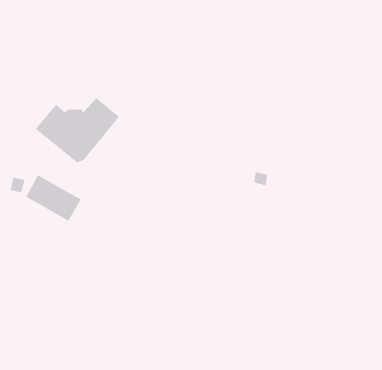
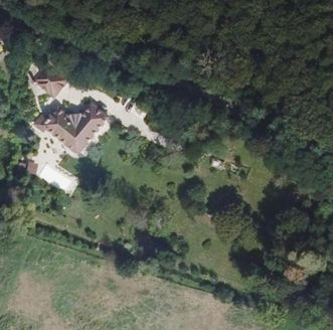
building: none -> [34,62,67,96]

